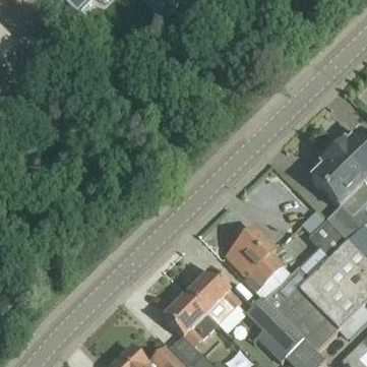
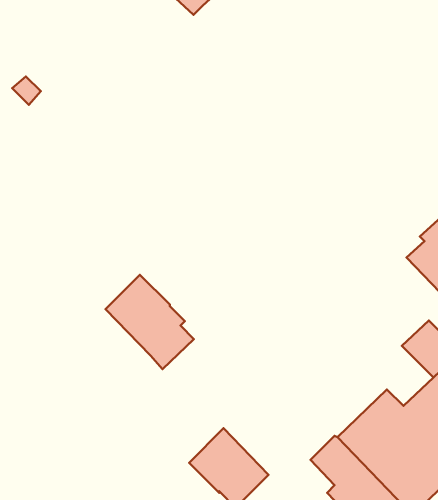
building: [226,226,282,289] -> none
building: [186,268,246,332] -> [105,275,194,369]

